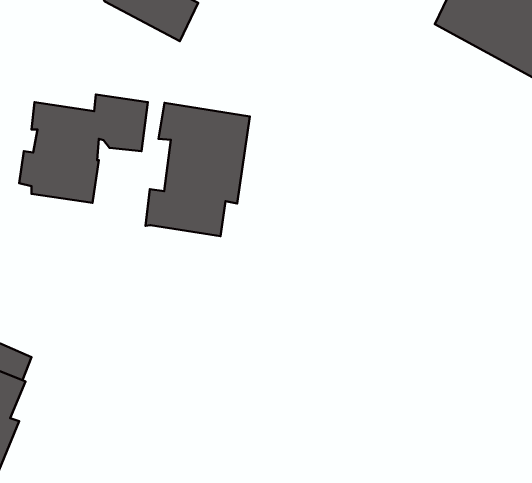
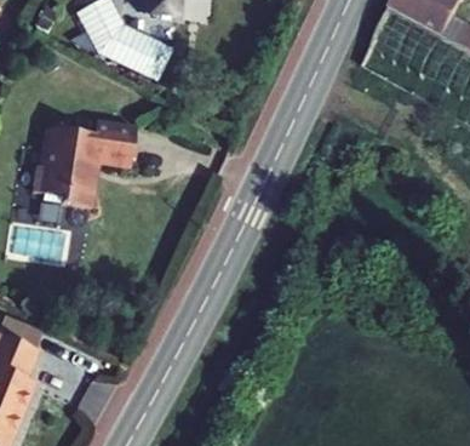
building: [146,103,250,236] -> none

